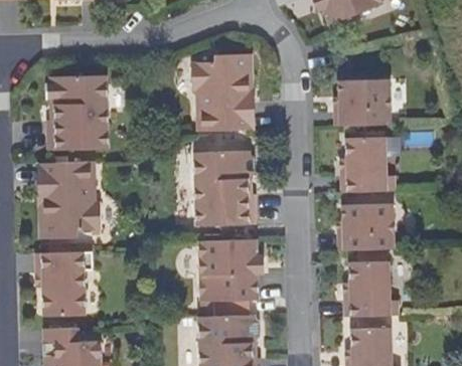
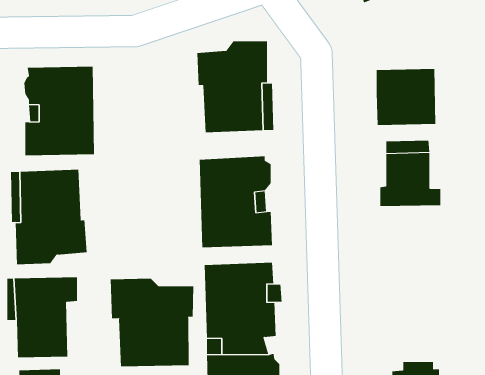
building: [343,203,395,249] -> none
building: none -> [110,278,194,367]
building: [340,261,395,317] -> none

